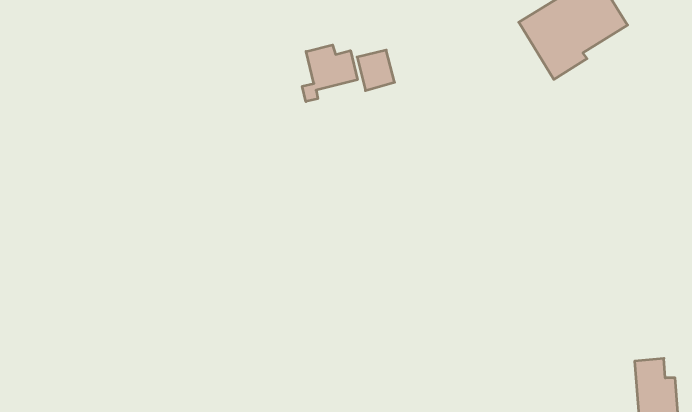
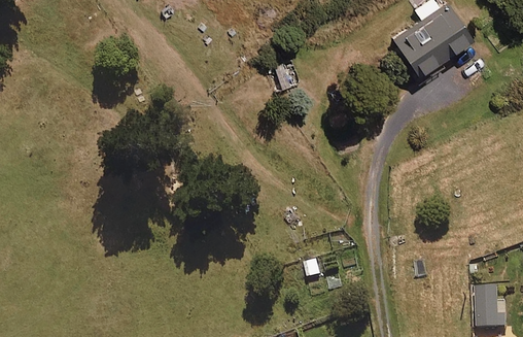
building: [302,45,357,102] -> none

